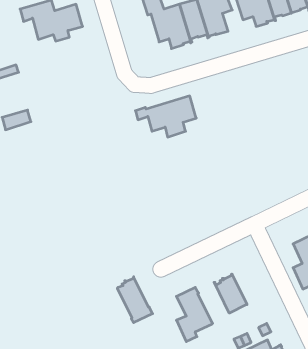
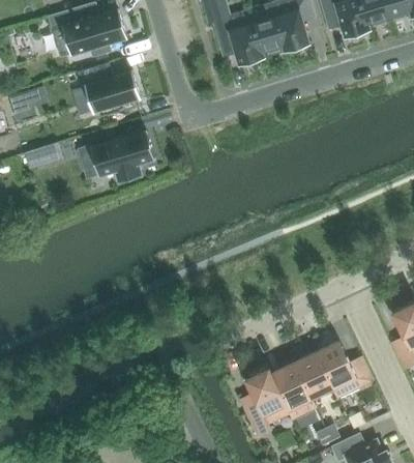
building: none -> [78,62,141,112]
building: [135,96,196,137] -> [79,131,155,182]
building: none -> [316,339,374,398]
building: [117,277,153,323] -> [272,360,317,418]

